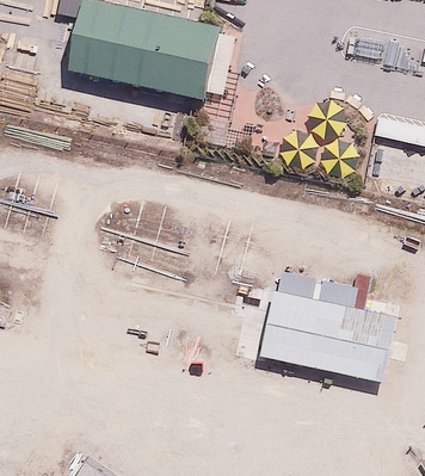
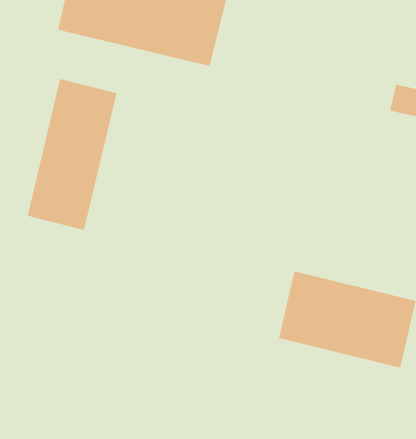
building: none -> [27,78,117,231]

